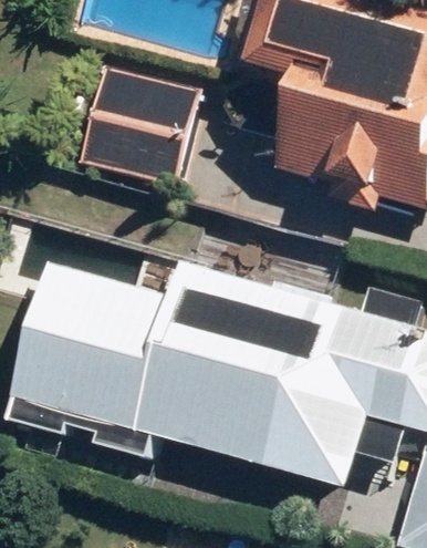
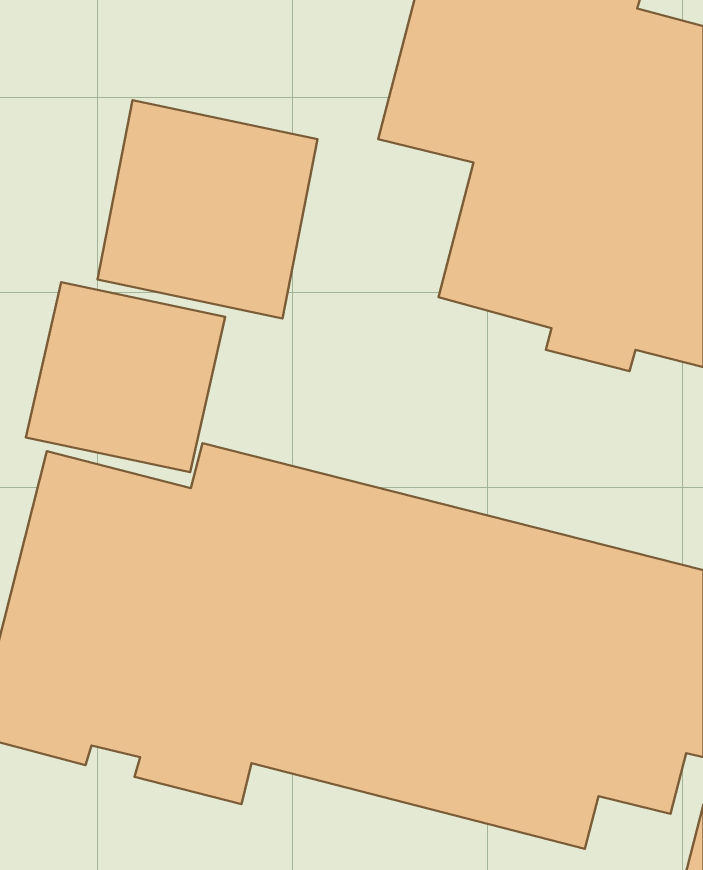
building: none -> [26,282,225,472]

